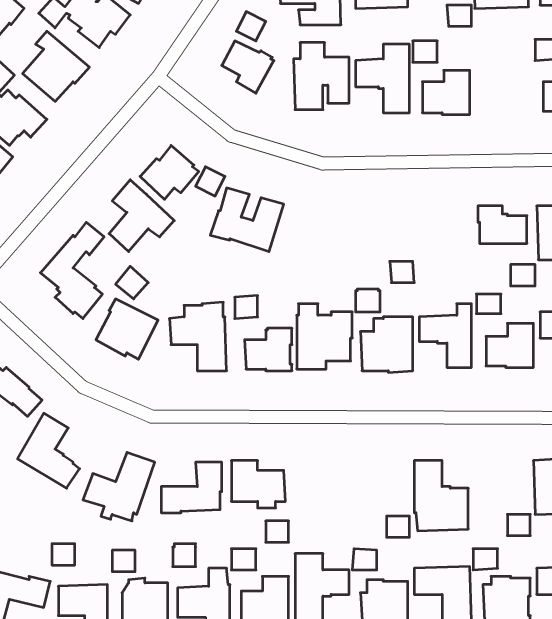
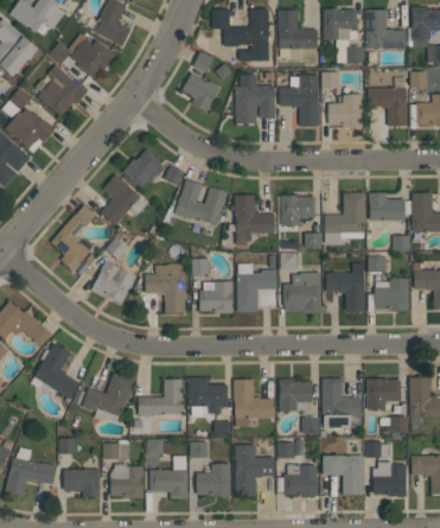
building: none -> [369,87,408,126]
building: none -> [325,192,365,243]
building: none -> [235,195,275,246]
building: none -> [281,195,315,225]
building: none -> [279,377,313,409]
building: none -> [366,377,401,409]
building: none -> [234,378,274,426]

